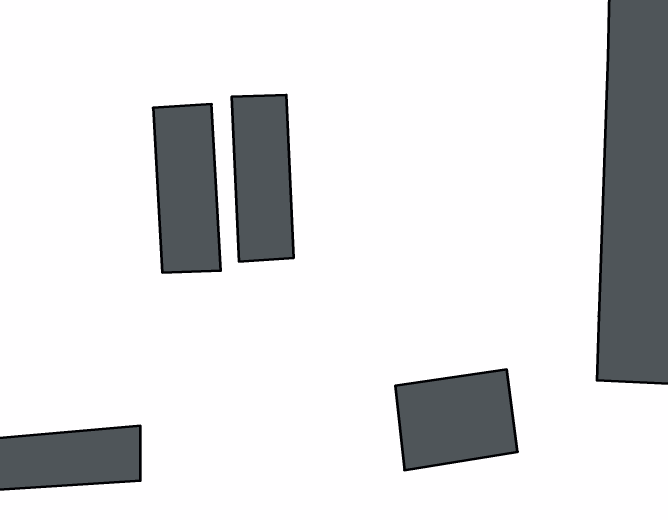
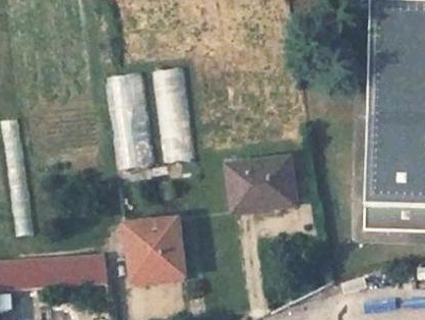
building: none -> [129,221,187,281]
building: [395,370,518,470] -> [222,145,290,201]

